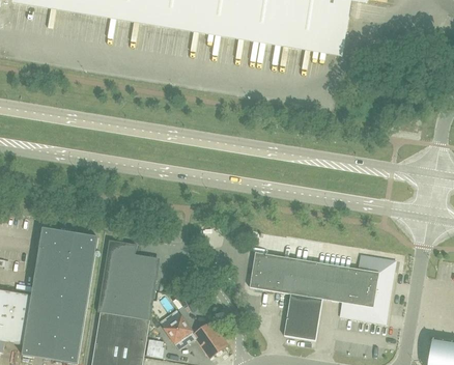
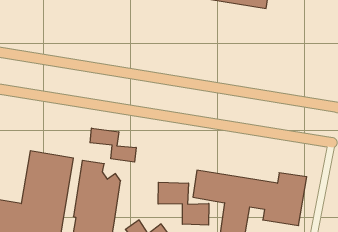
building: none -> [90,128,136,162]
building: none -> [158,182,209,225]

